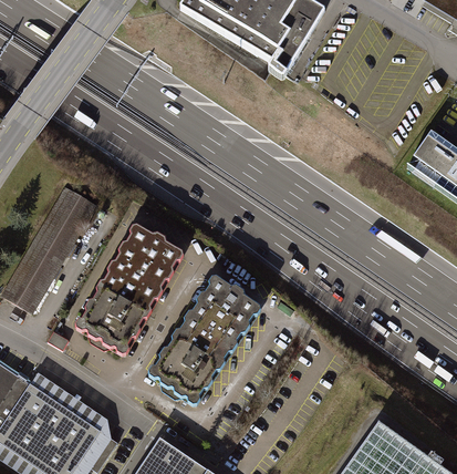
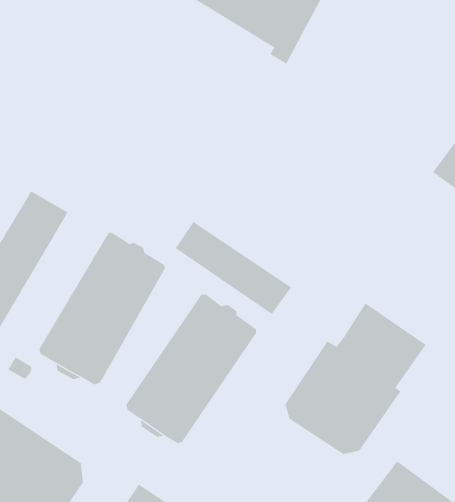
building: none -> [175,221,292,315]
building: none -> [285,303,427,455]

